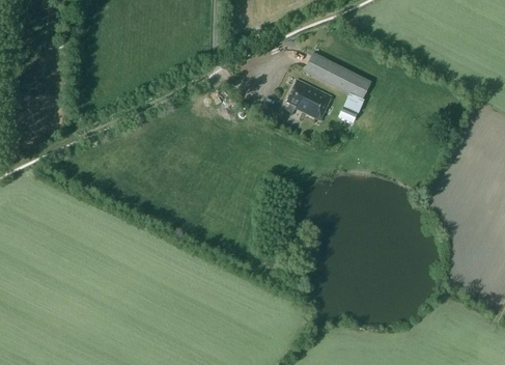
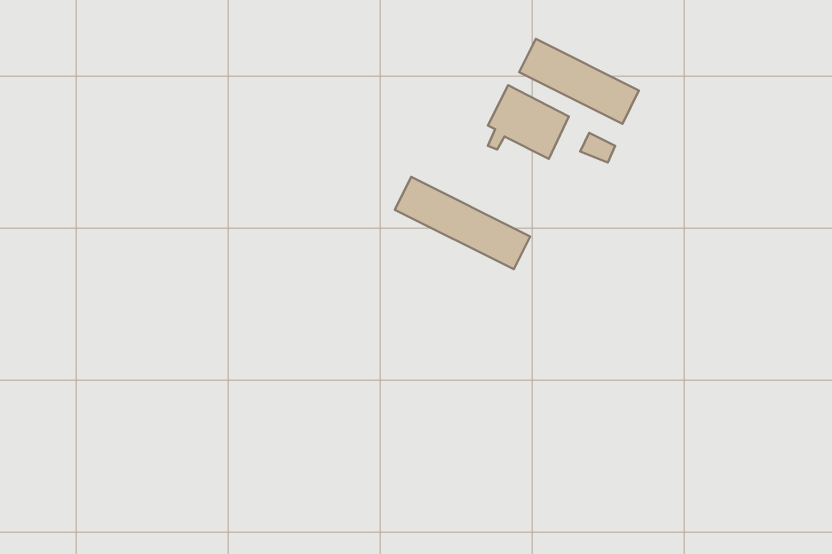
building: none -> [395,177,530,269]

